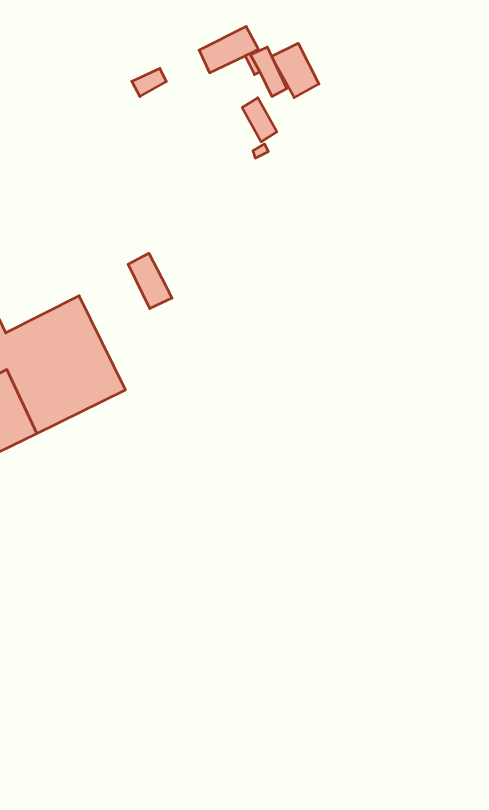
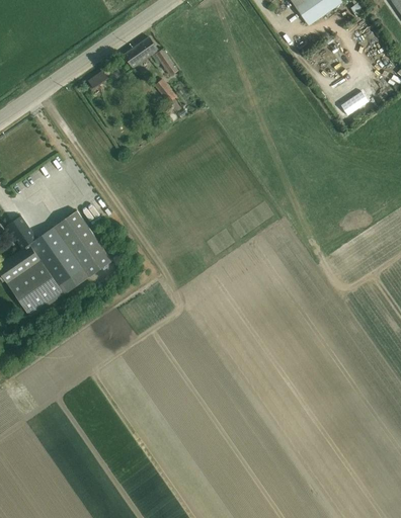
building: [272,43,319,98] -> none
building: [128,253,172,309] -> none

